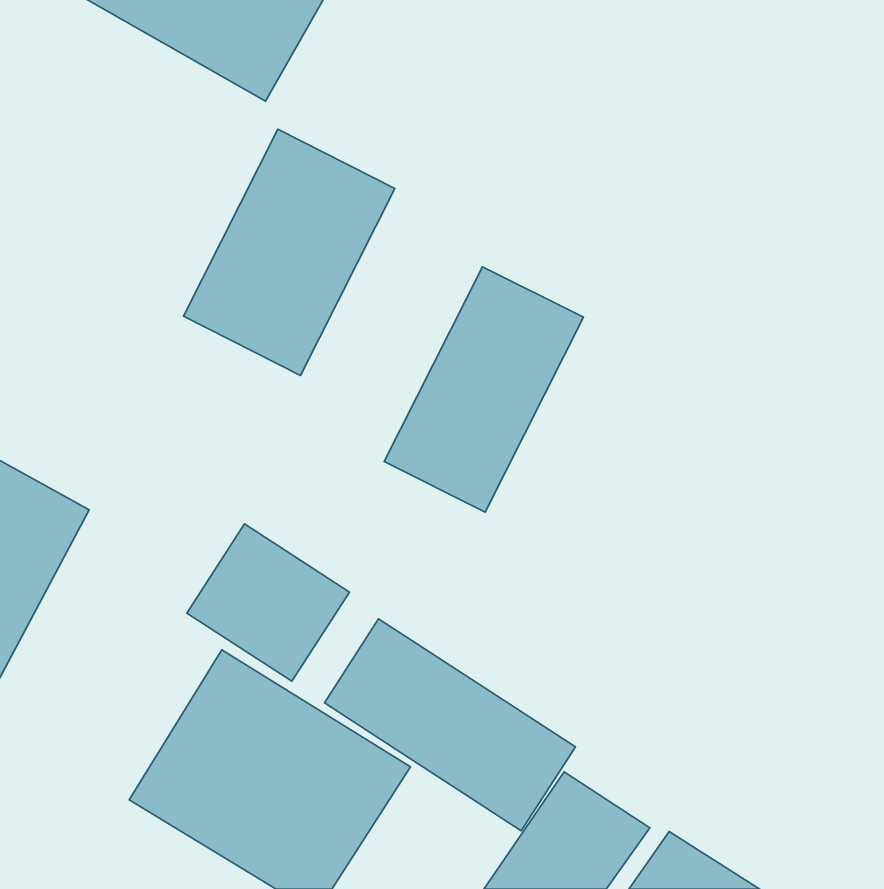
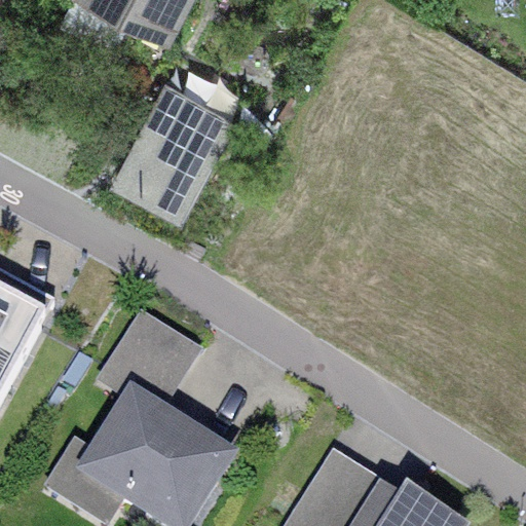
building: [384,267,583,512] -> none
building: [324,619,575,831] -> none

